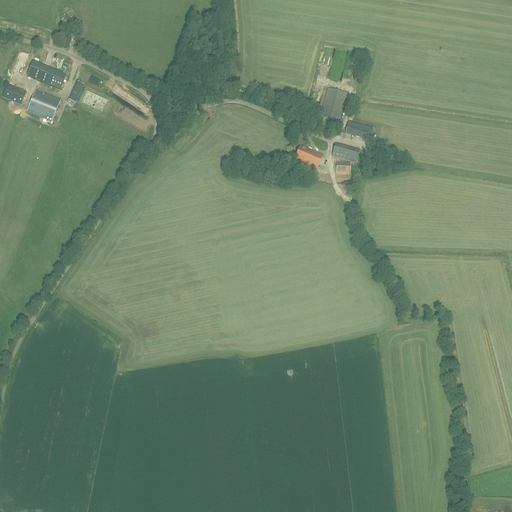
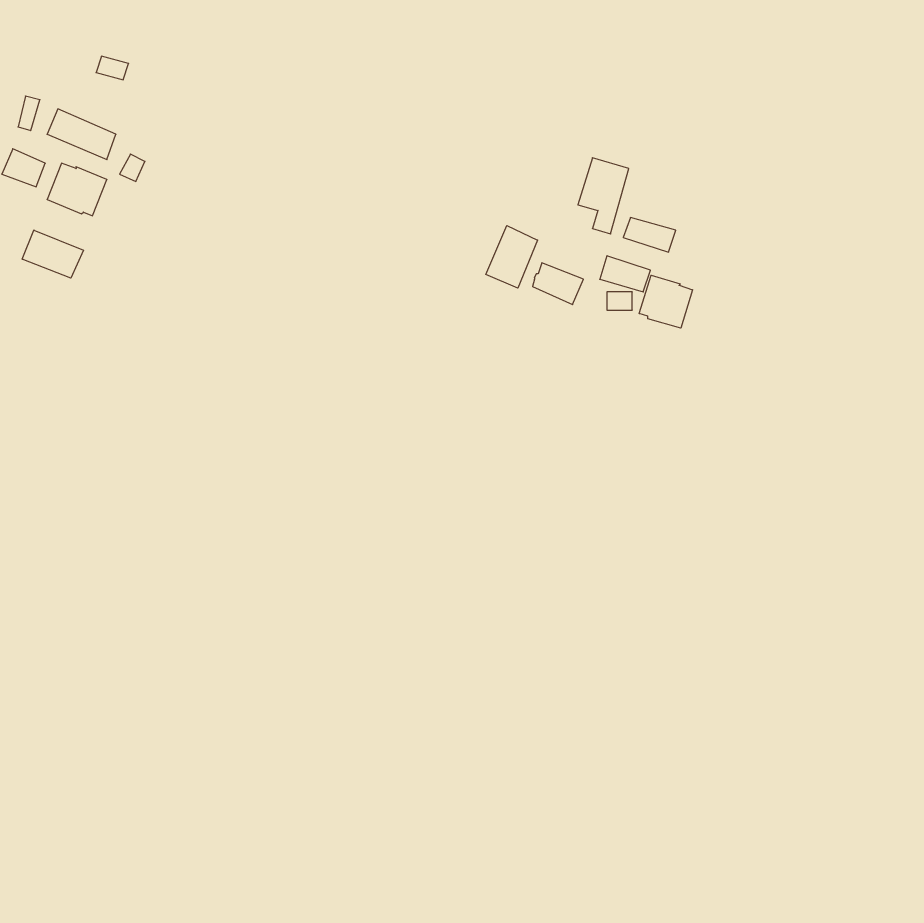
building: none -> [486,226,538,288]
building: none -> [22,230,83,278]
building: none -> [639,275,693,328]

